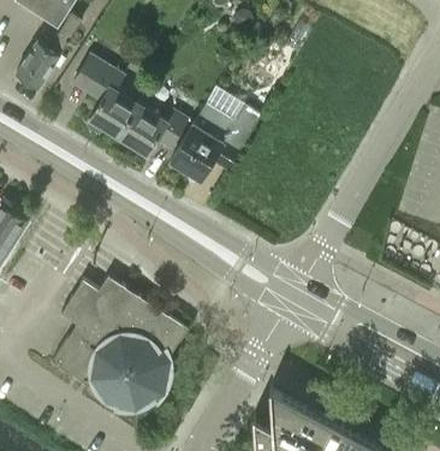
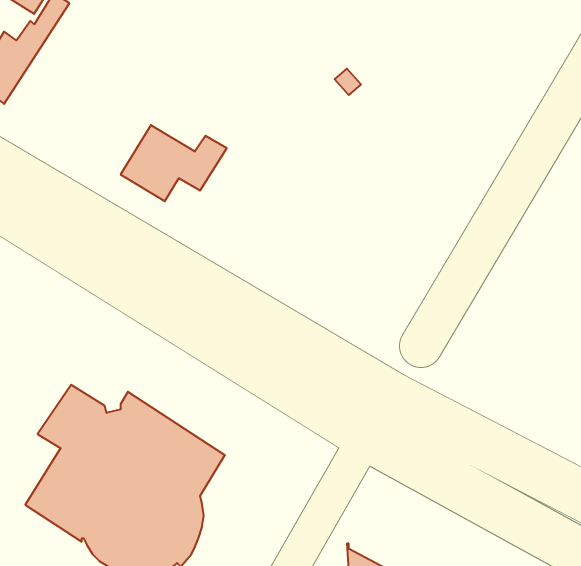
building: [73,57,136,138] -> none
building: [168,90,260,183] -> none

